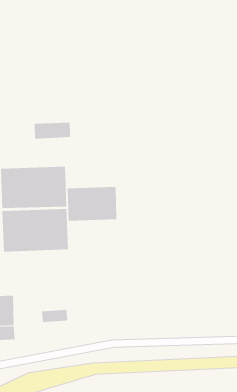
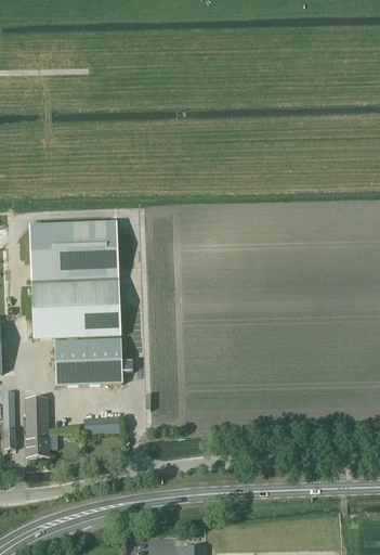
building: [34,122,71,139] -> none
building: [67,186,117,221] -> [54,337,121,384]

